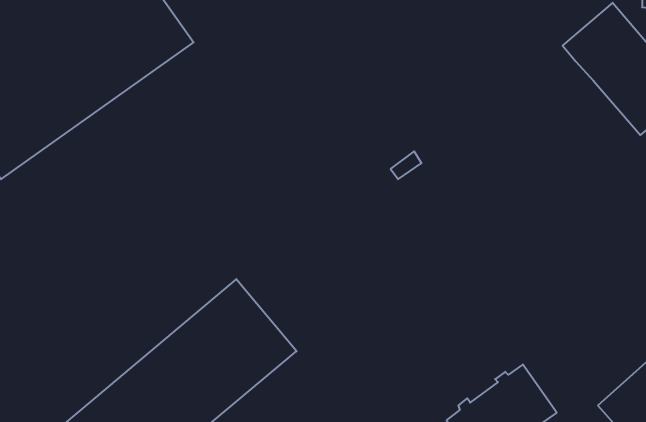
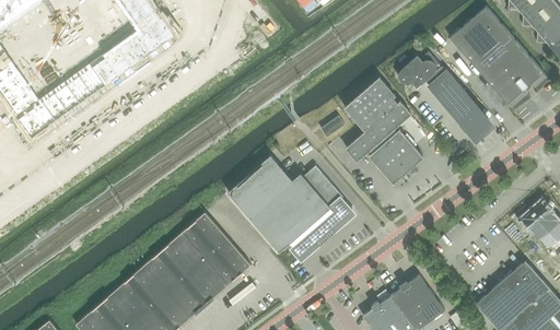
building: none -> [398,52,489,134]
building: none -> [343,78,423,185]
building: none -> [228,156,353,254]

